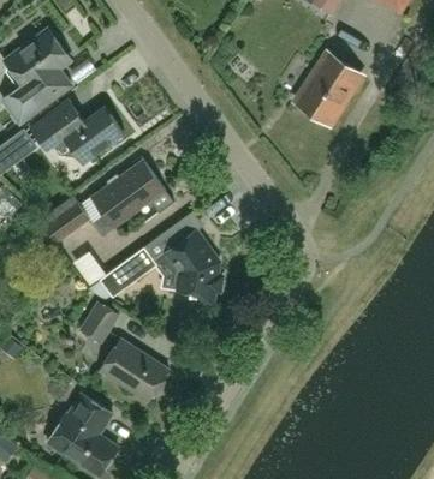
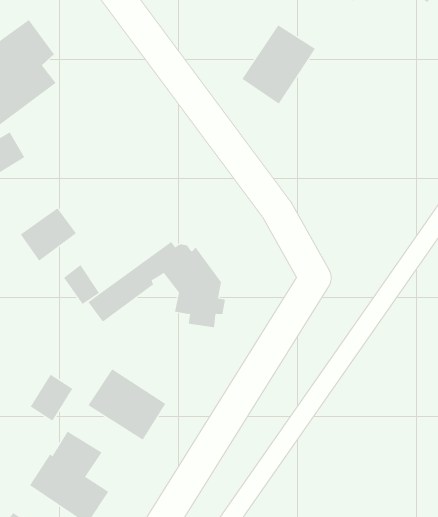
building: [295,53,361,124] -> [241,25,316,105]
building: [30,103,124,163] -> none
building: [91,160,173,226] -> none
building: [79,300,118,342] -> [30,374,73,421]

